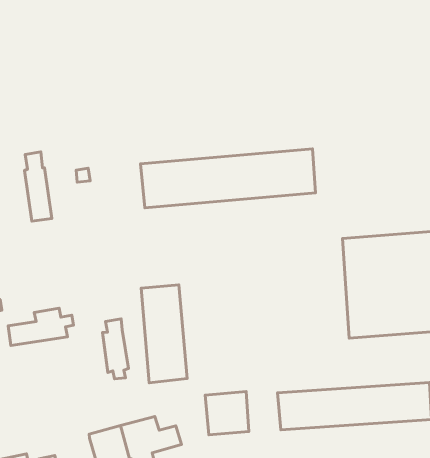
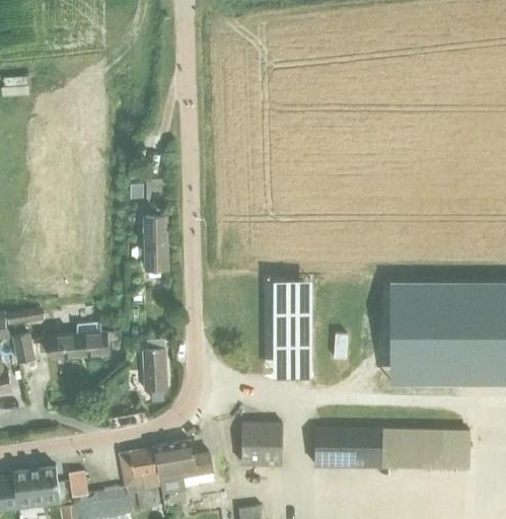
building: [141,149,315,208] -> none
building: [24,152,52,221] -> [144,202,167,271]
building: [141,285,187,383] -> [270,283,308,379]

